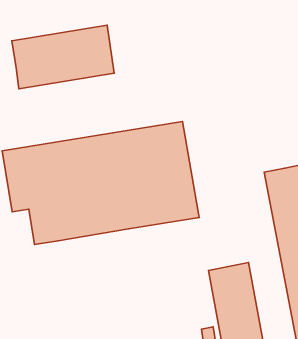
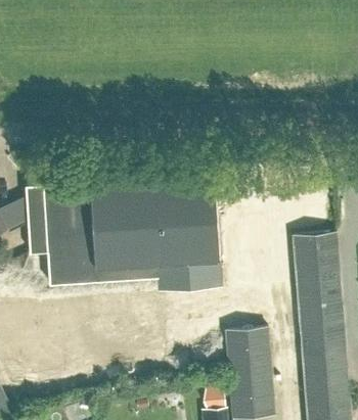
building: [12,25,114,89] -> none

